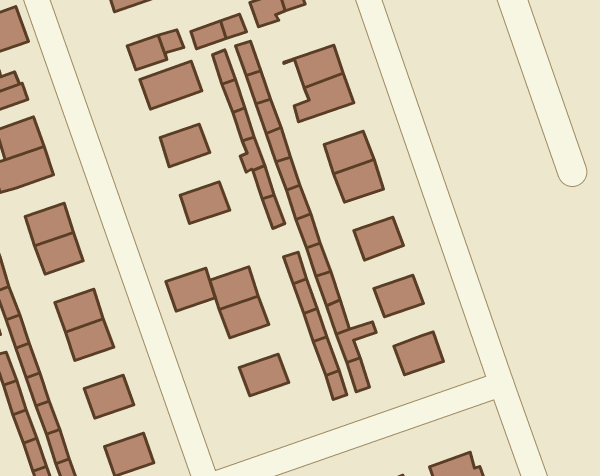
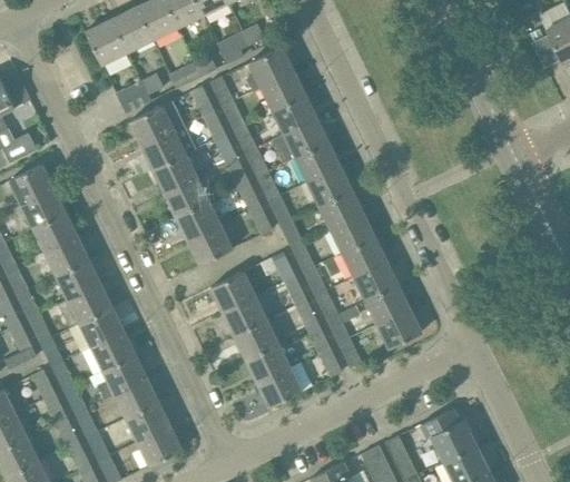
building: none -> [245,46,293,90]
building: none -> [141,124,195,168]
building: none -> [271,118,327,164]
building: none -> [164,176,208,216]
building: none -> [33,212,77,250]
building: none -> [318,189,362,228]
building: none -> [342,236,385,276]
building: none -> [57,283,111,327]
building: [166,268,215,311] -> [187,224,232,264]
building: none -> [365,284,409,324]
building: none -> [234,318,277,358]
building: none -> [96,354,146,399]
building: none -> [257,366,301,406]
building: none -> [126,402,169,441]

